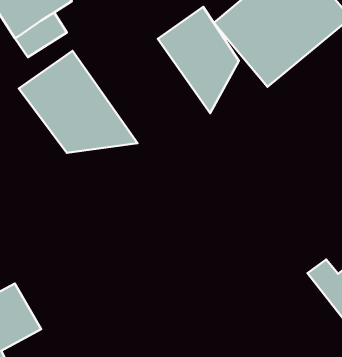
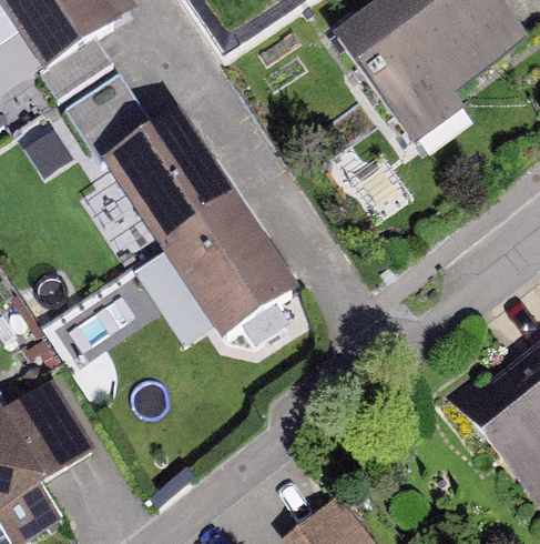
building: [158,7,239,113] -> none
building: none -> [129,208,297,361]

